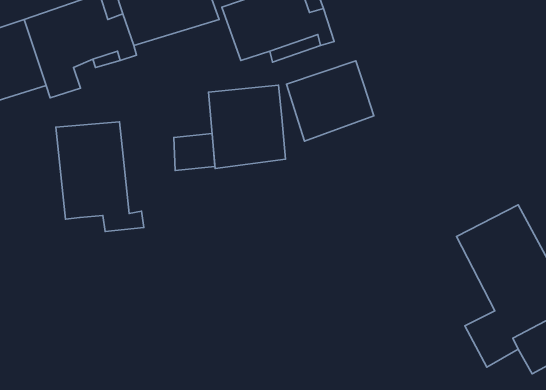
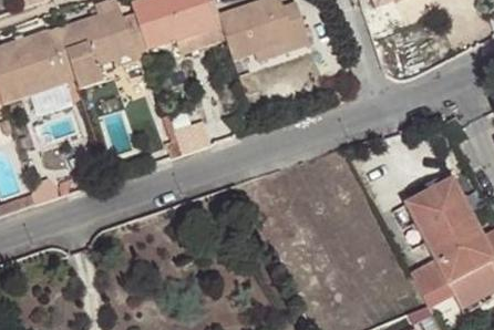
building: [287,61,374,141] -> none
building: [209,85,286,168] -> none
building: [56,122,144,232] -> none

